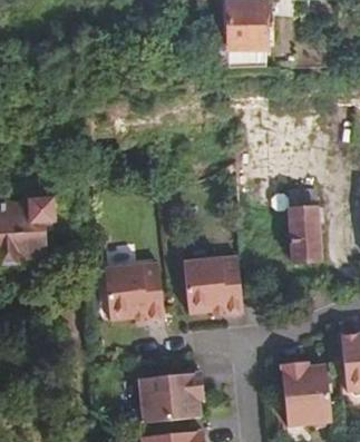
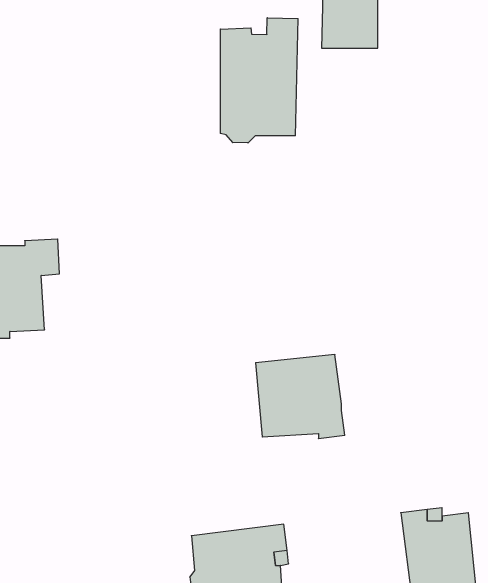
building: none -> [220,18,298,143]
building: [291,185,325,258] -> none
building: [103,264,163,322] -> none

